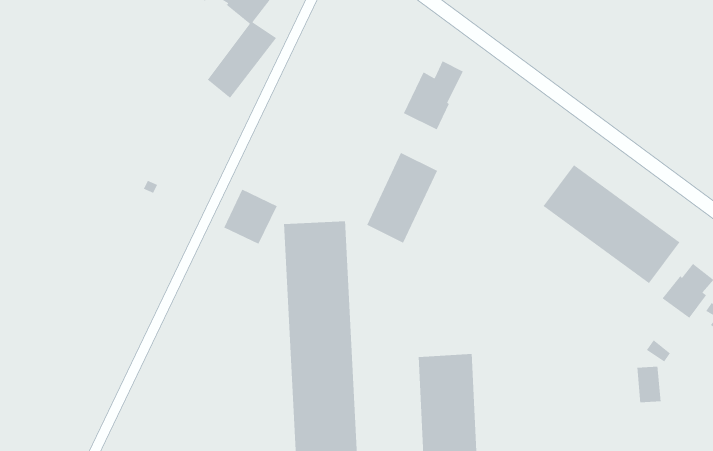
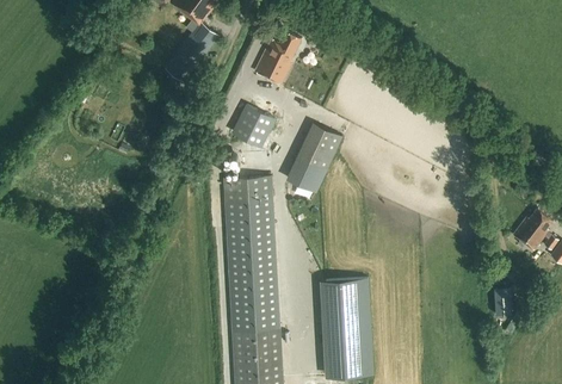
building: [403,60,464,131] -> [254,31,301,85]
building: [543,164,680,284] -> none
building: [223,189,278,245] -> [226,103,267,145]

